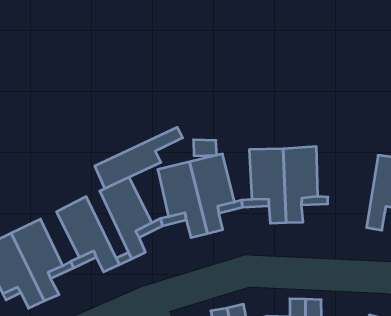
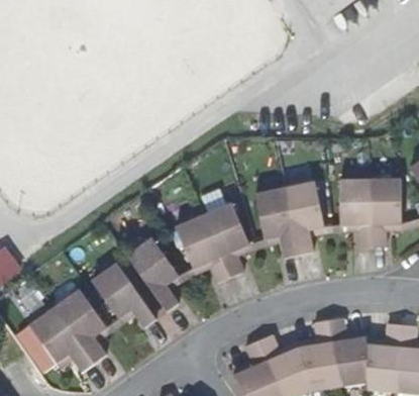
building: [95,127,183,188] -> none
building: none -> [340,180,372,246]

